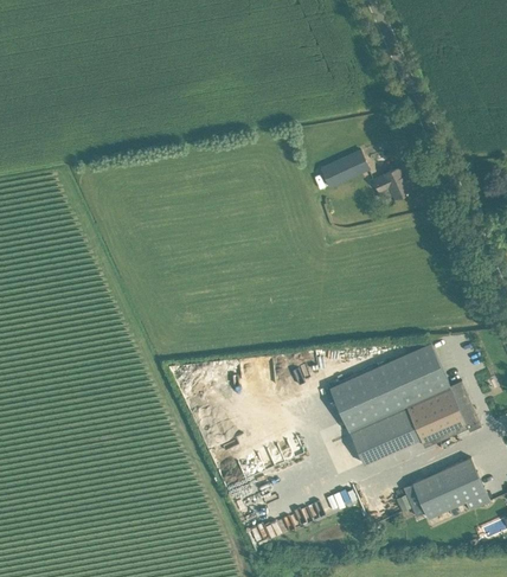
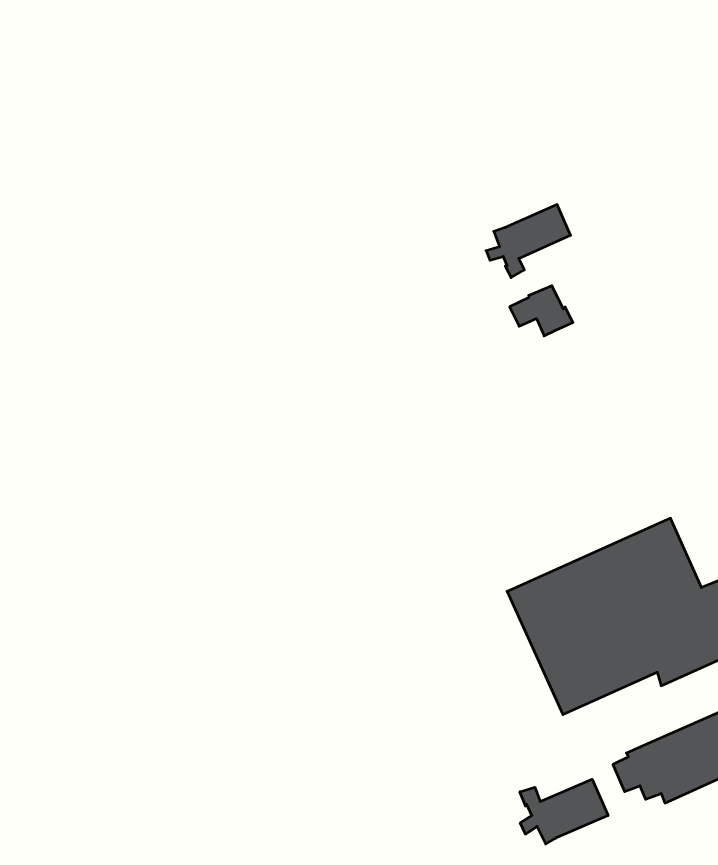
building: [373,168,412,199] -> [510,286,573,336]
building: none -> [520,779,608,844]

